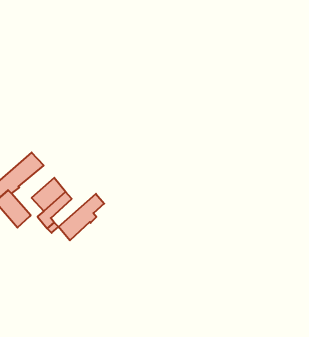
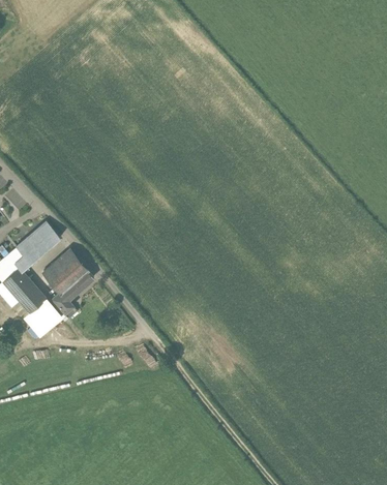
building: [59,194,104,240] -> none
building: none -> [29,298,58,329]

